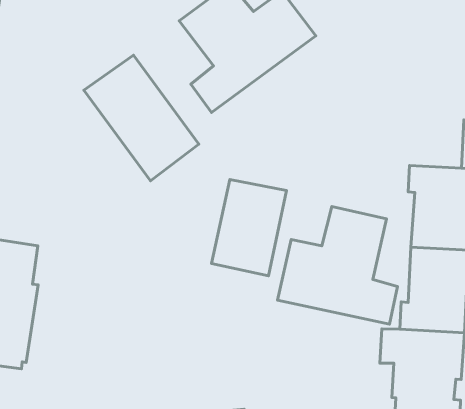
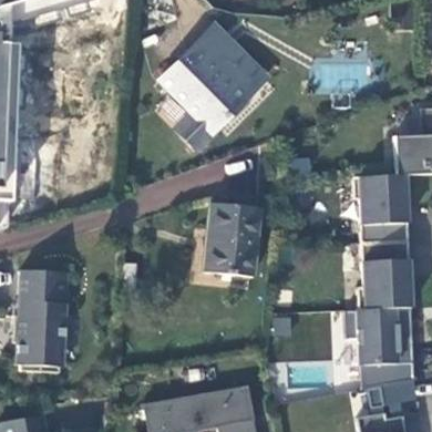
building: [84,55,199,181] -> none
building: [277,207,398,324] -> none

